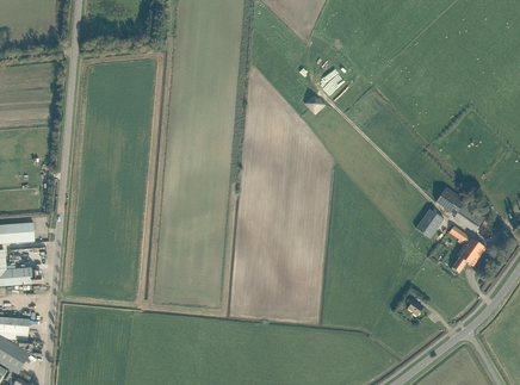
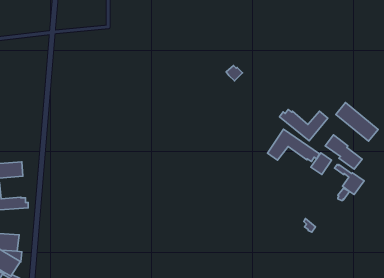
building: none -> [336,103,378,141]
building: none -> [280,109,328,141]
building: none -> [267,129,320,161]

